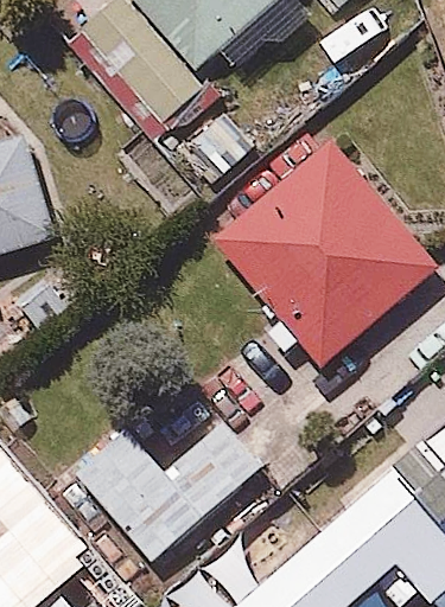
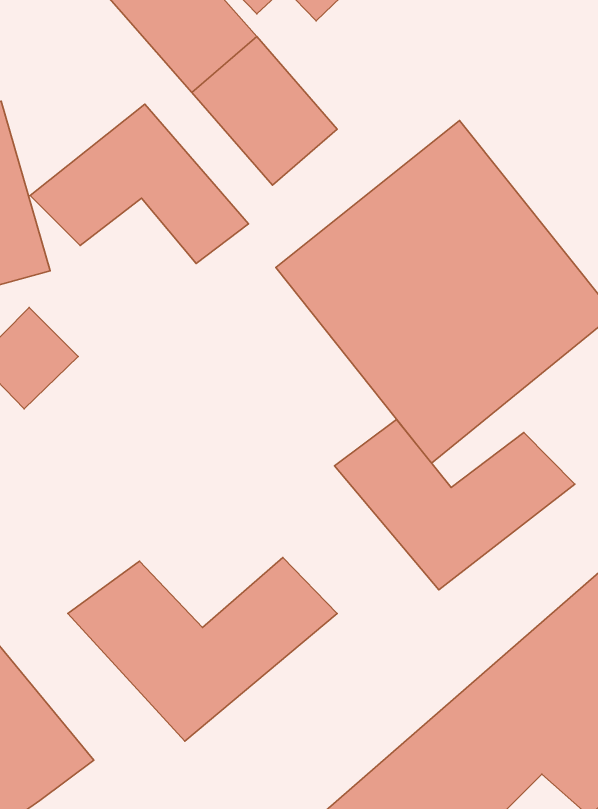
building: none -> [30,104,249,263]
building: none -> [334,420,575,590]

